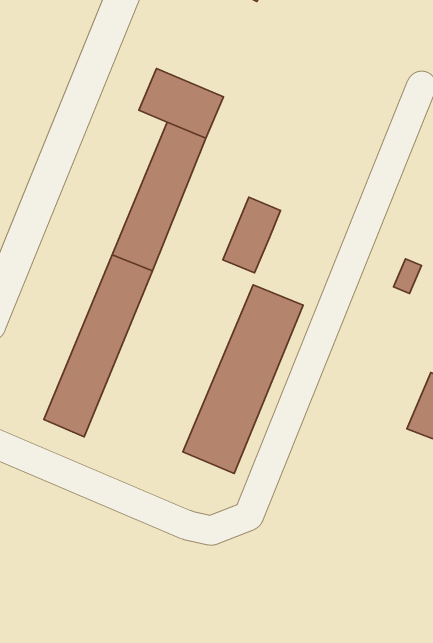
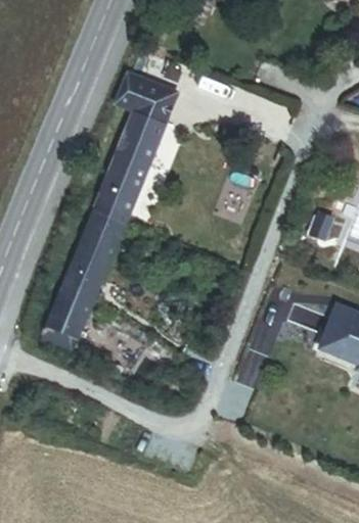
building: [223,197,280,273] -> none
building: [183,285,303,474] -> none

